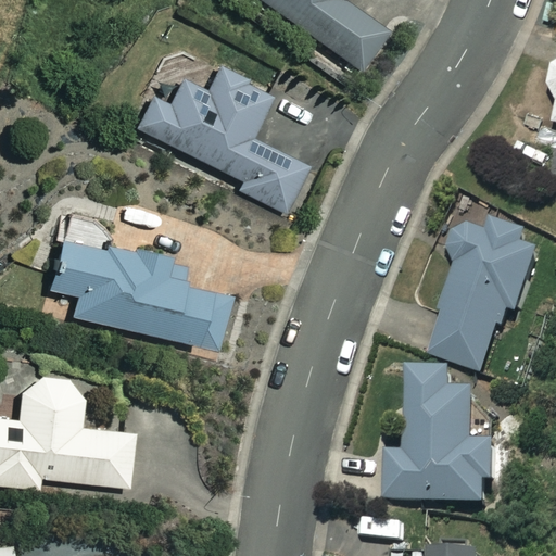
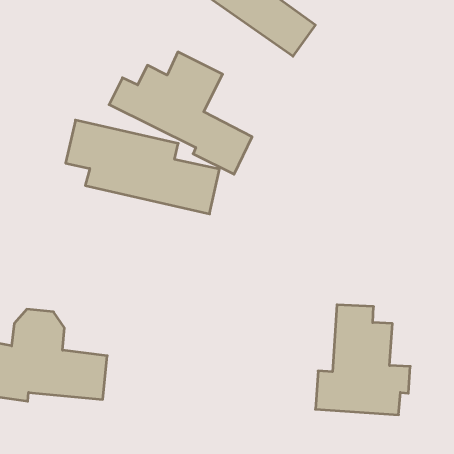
building: [429,215,538,371] -> none
building: [45,236,231,350] -> [66,120,219,214]

